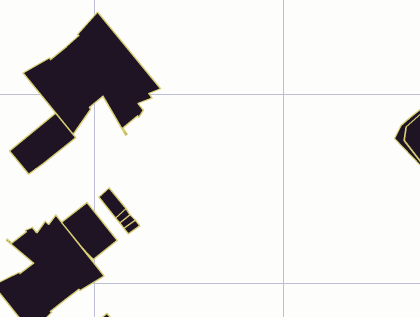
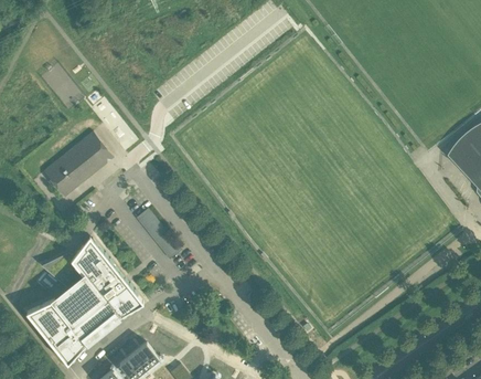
building: [23,12,160,135] -> none
building: [62,202,117,260] -> none

